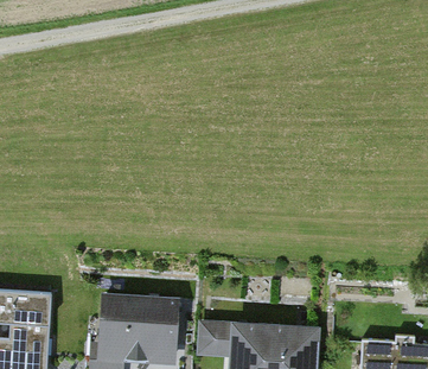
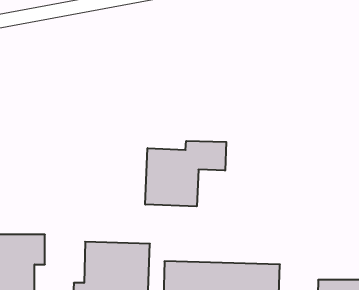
building: none -> [145,141,226,206]

